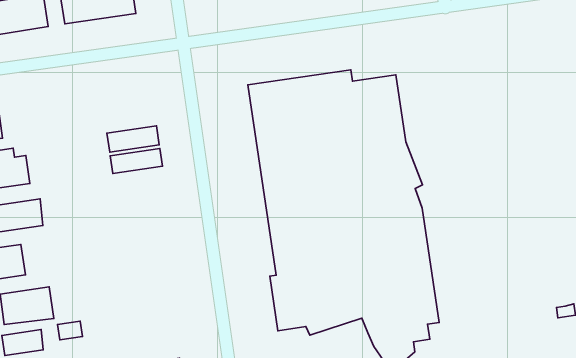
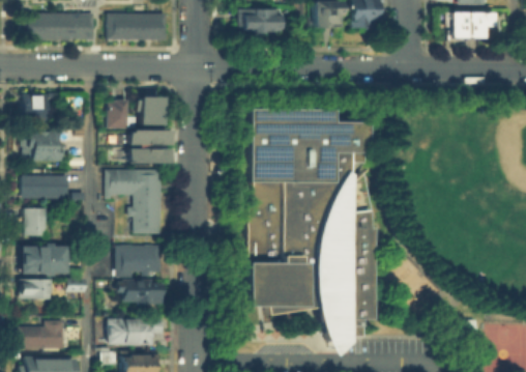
building: none -> [140,94,162,123]
building: none -> [107,102,127,128]
building: none -> [109,170,160,232]
building: none -> [117,247,160,275]
building: none -> [124,283,160,303]

